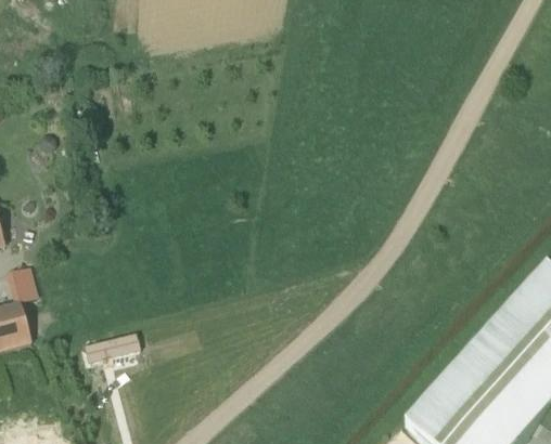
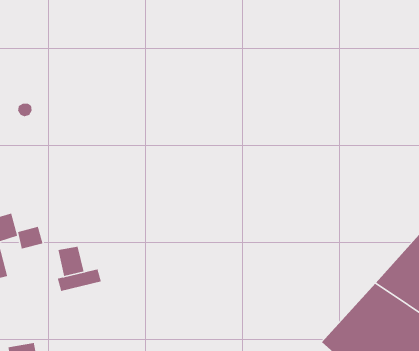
building: none -> [17,226,43,249]
building: none -> [58,246,84,277]

